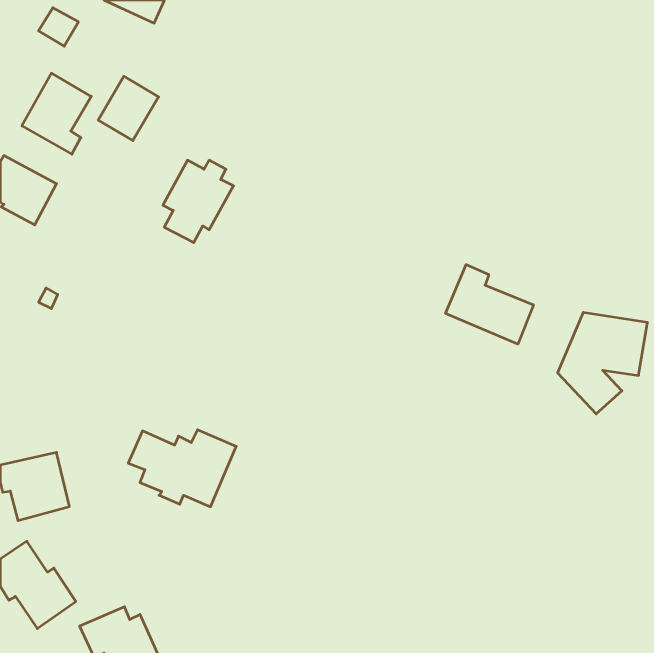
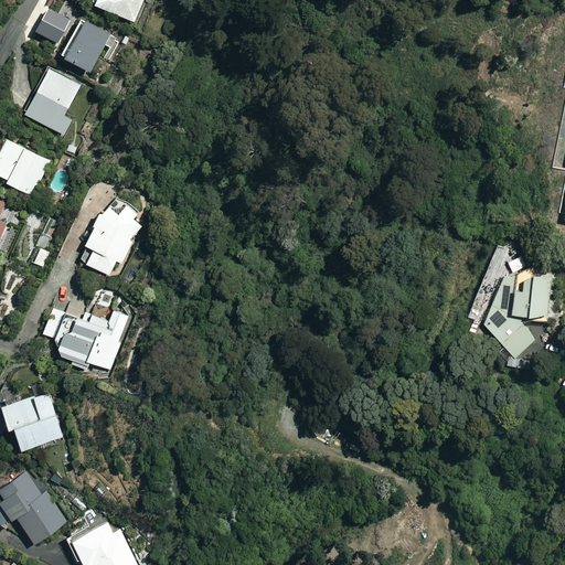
building: [98,76,159,141] -> [57,15,109,71]
building: [163,160,234,243] -> [83,205,143,276]
building: [446,265,533,344] -> none
building: [128,430,236,507] -> [43,307,136,373]

